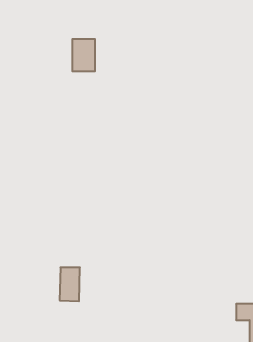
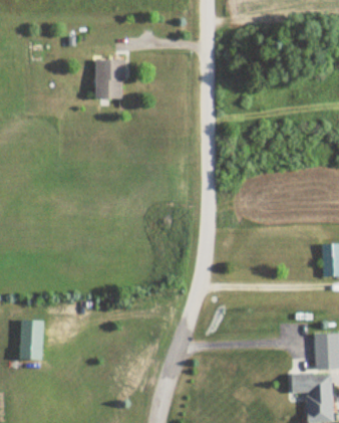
building: [60,267,80,301] -> [19,321,43,361]

